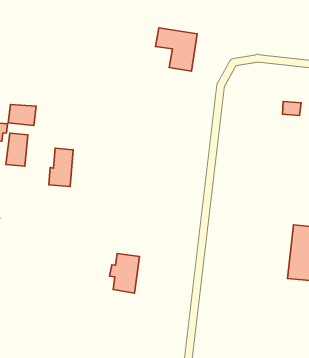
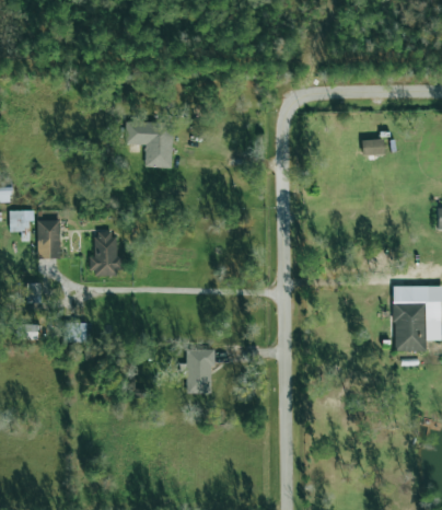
building: [156,28,197,71] -> [126,121,174,169]
building: [8,104,36,125] -> none
building: none -> [65,323,88,344]

